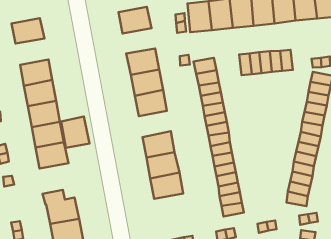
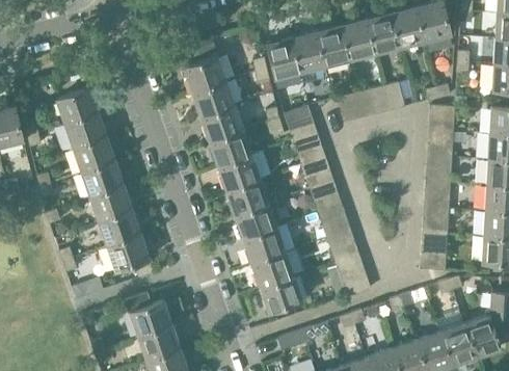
building: none -> [192,81,235,116]
building: none -> [64,112,107,149]
building: none -> [226,179,268,215]
building: [61,116,89,148] -> none
building: none -> [260,276,302,313]

